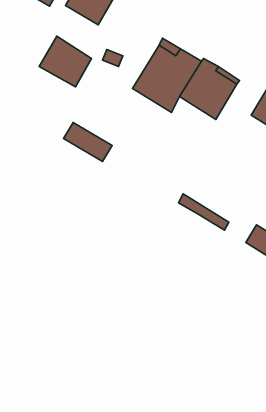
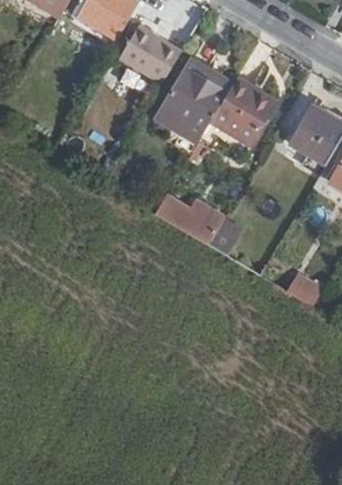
building: [39,36,91,87] -> [121,25,181,83]
building: [63,122,112,161] -> [154,194,210,238]

